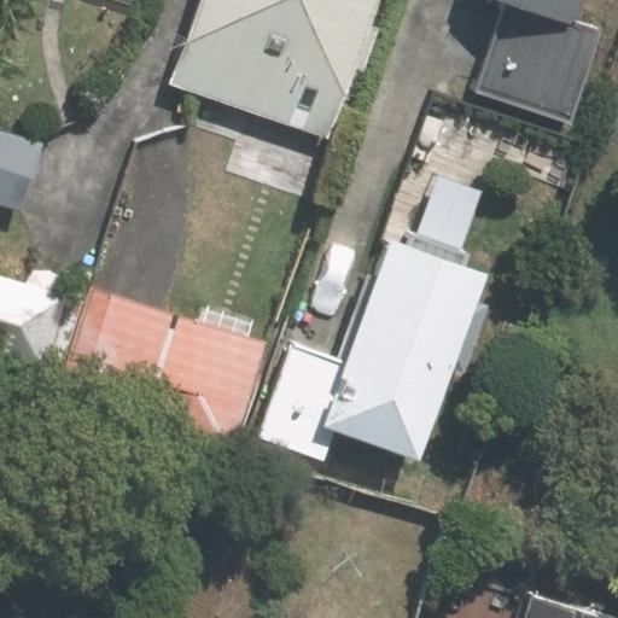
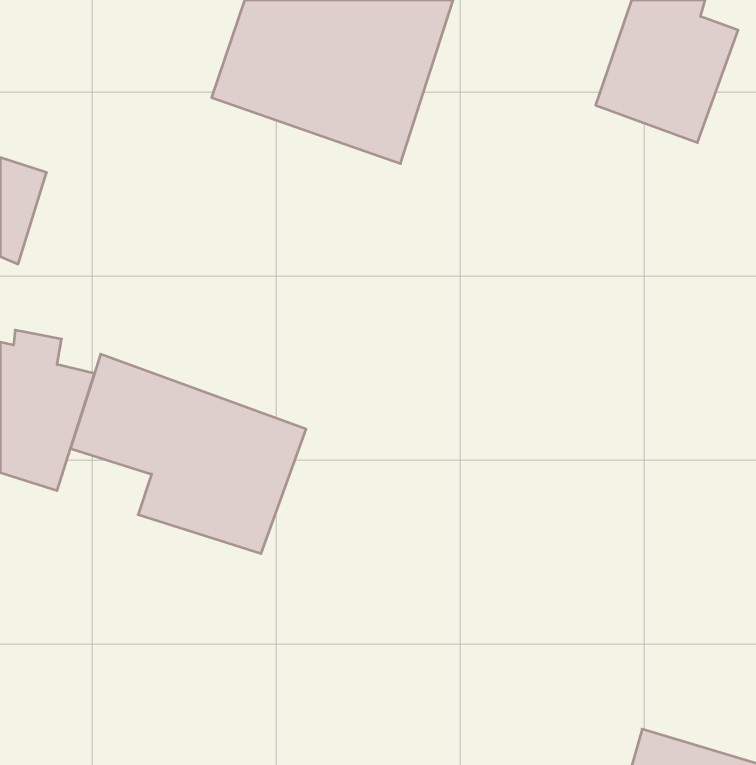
building: [258,235,478,461] -> none

